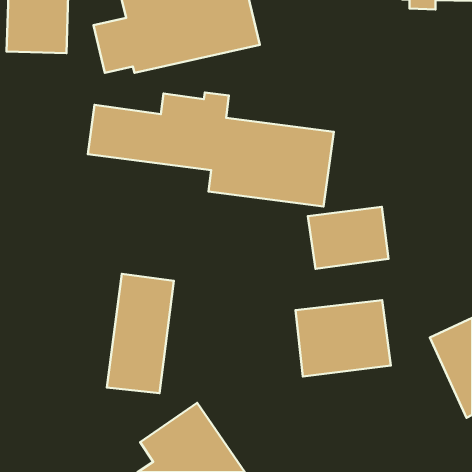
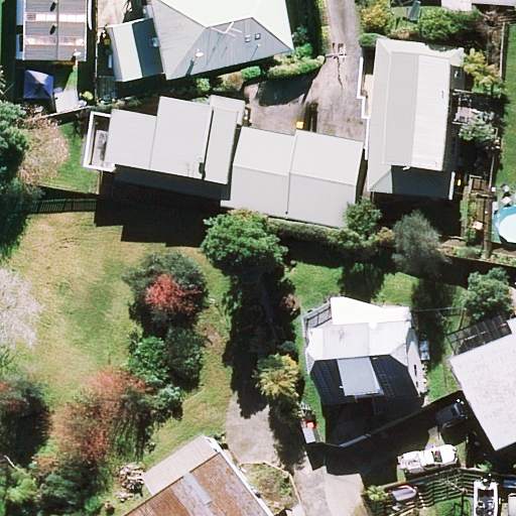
building: none -> [374,42,462,198]
building: [308,207,388,269] -> none
building: [107,274,174,393] -> none

